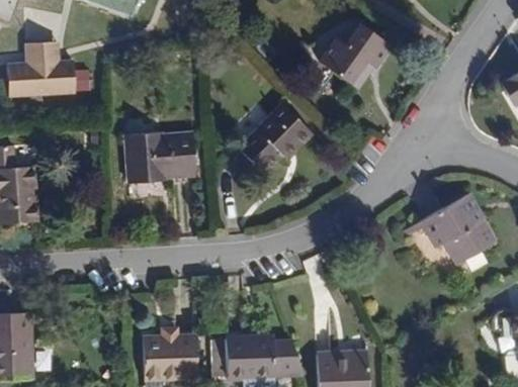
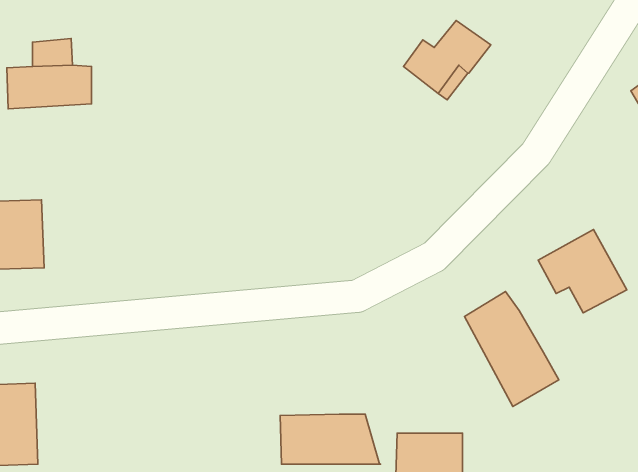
building: [237,104,313,175] -> none
building: [125,129,192,179] -> none
building: none -> [465,291,559,406]
building: [144,326,196,375] -> none

